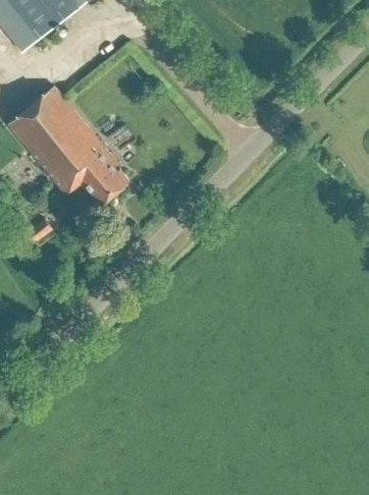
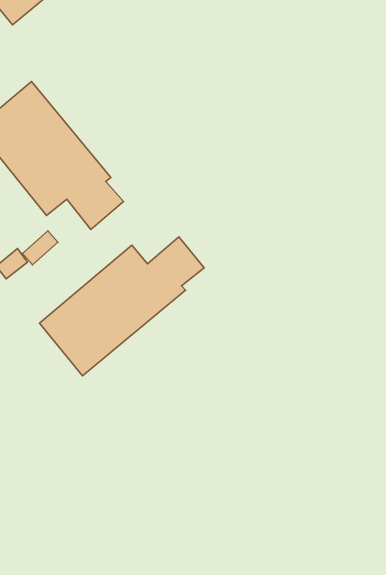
building: none -> [40,237,204,376]

